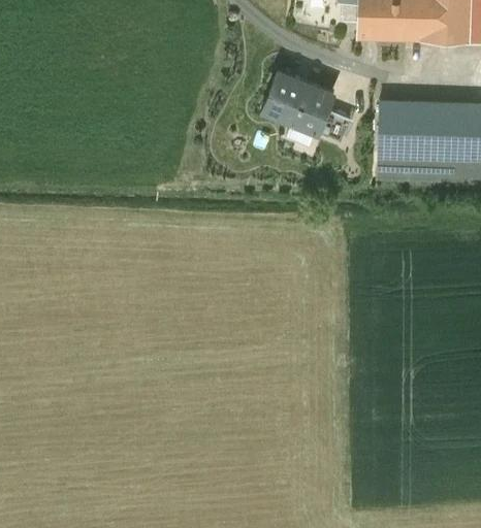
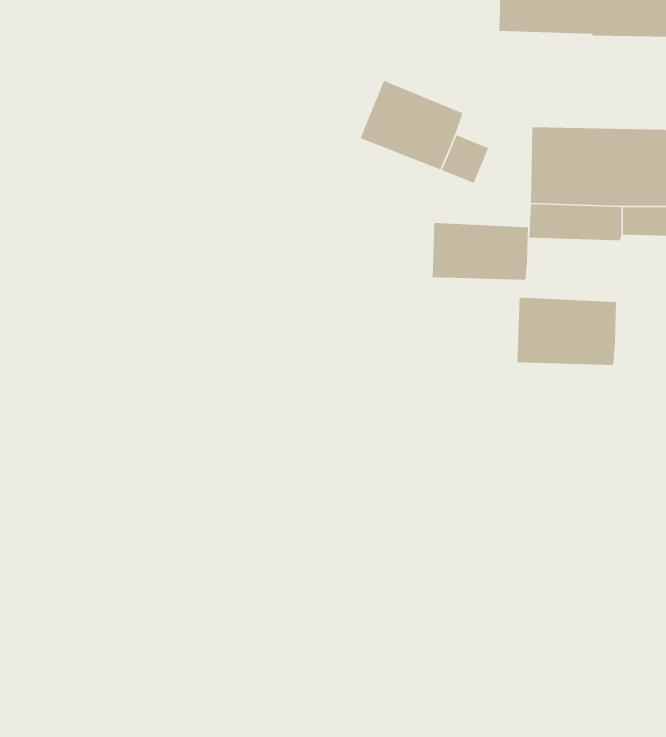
building: none -> [432,222,529,281]
building: none -> [517,297,617,366]

